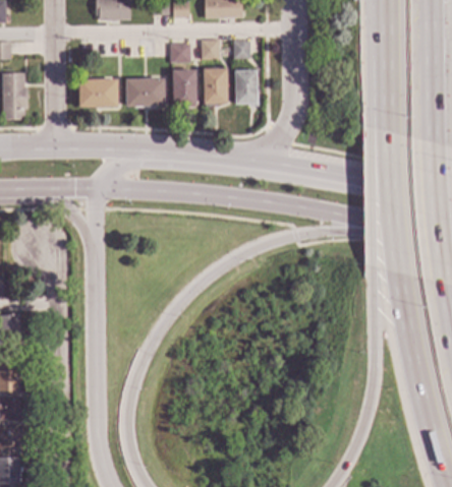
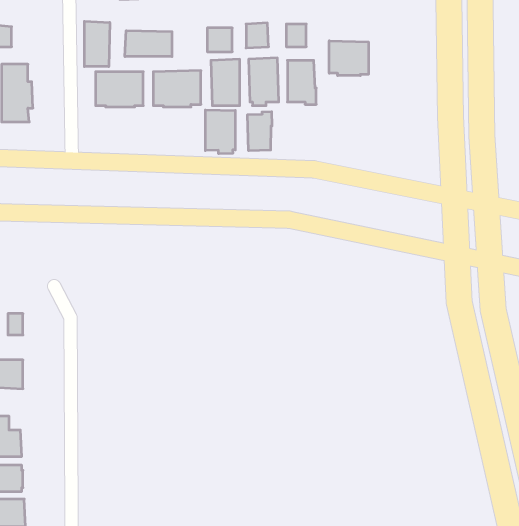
building: none -> [84,21,110,67]
building: none -> [125,31,172,57]
building: none -> [329,41,368,76]
building: none -> [205,110,235,154]
building: none -> [248,112,272,151]

